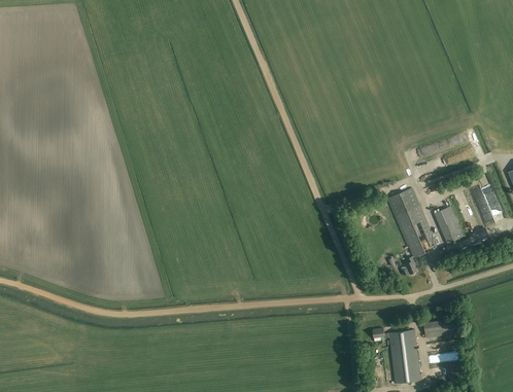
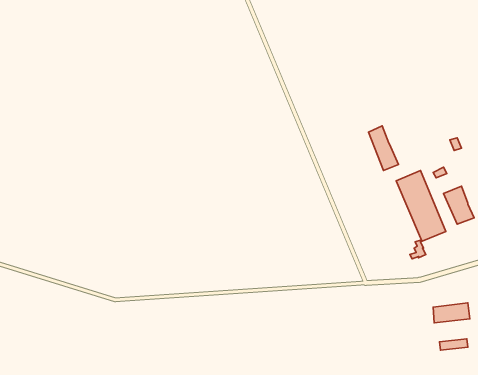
building: none -> [369,126,398,171]
building: [373,328,421,383] -> none

